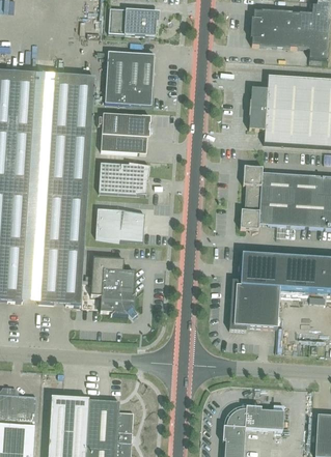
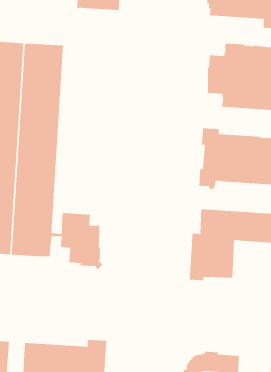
building: [104,51,155,105] -> none
building: [101,112,150,153] -> none
building: [98,162,147,194] -> none
building: [95,208,144,240] -> none

